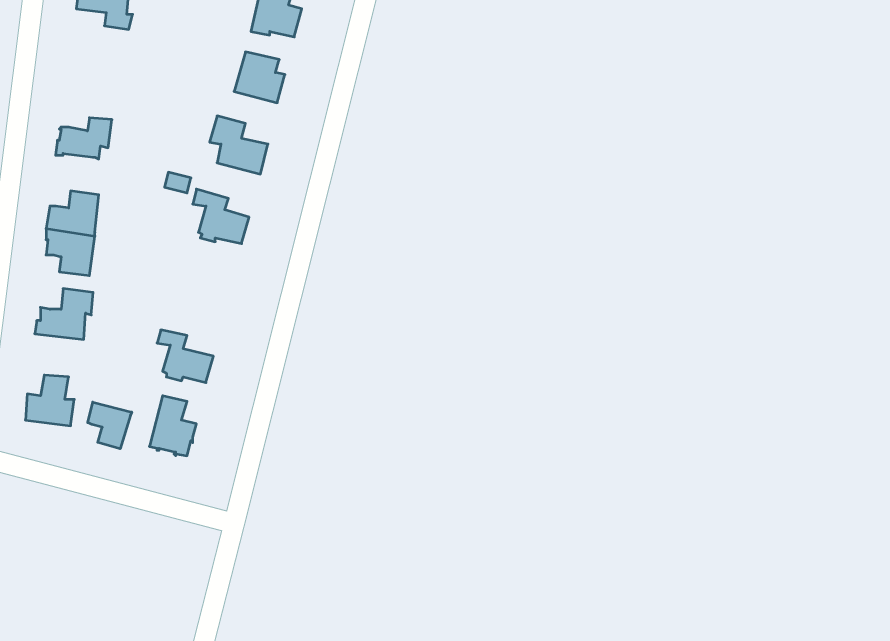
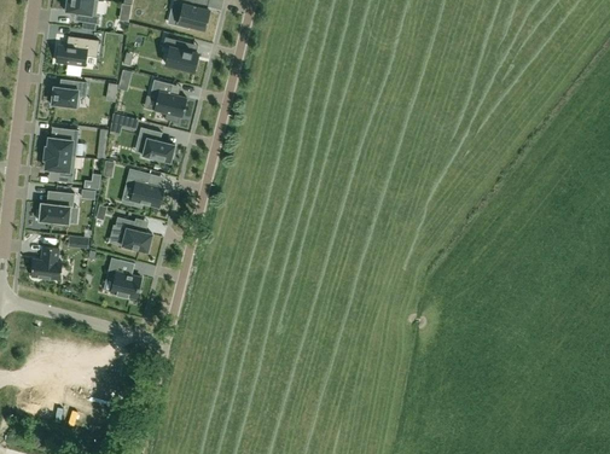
building: none -> [56,36,98,65]
building: none -> [127,169,163,208]
building: [88,402,132,449] -> none

